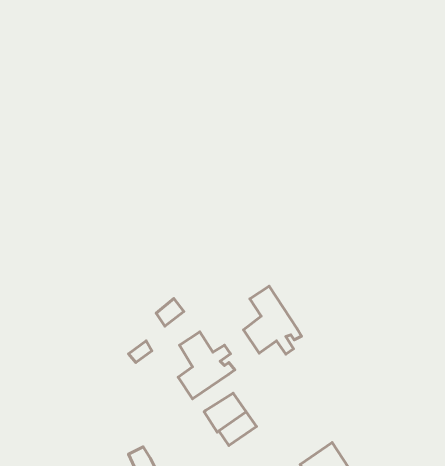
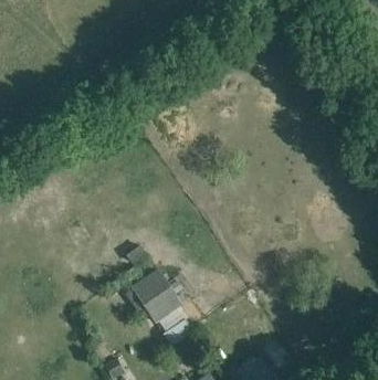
building: [243,286,302,354] -> none

